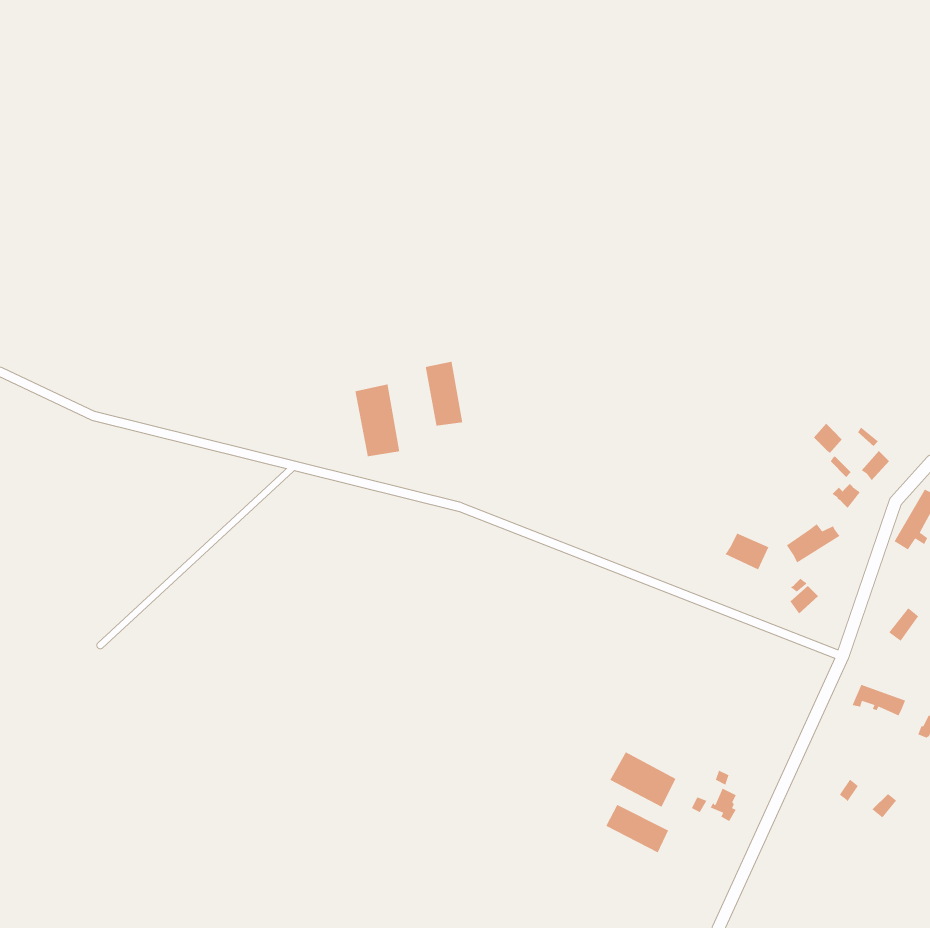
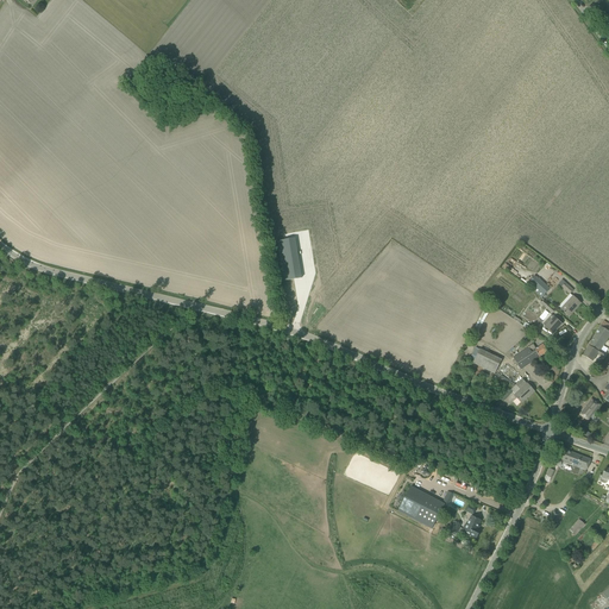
building: [355,384,400,457] -> none
building: [605,804,669,854] -> none

